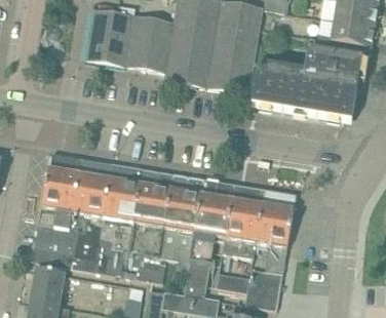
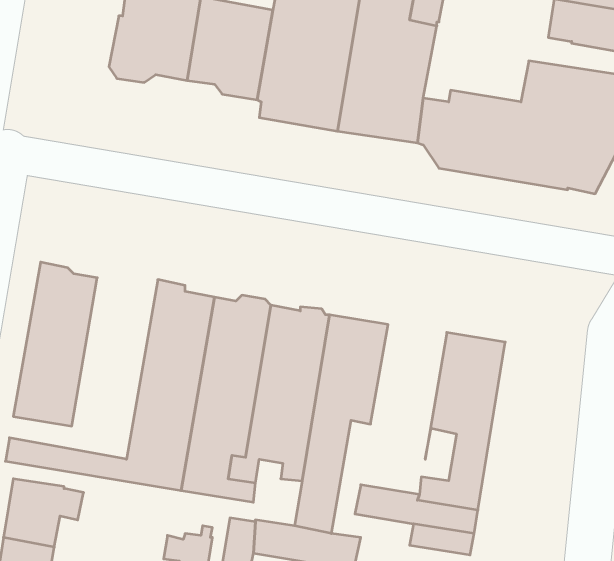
building: [34,162,112,259] -> none
building: [222,188,264,259] -> none

